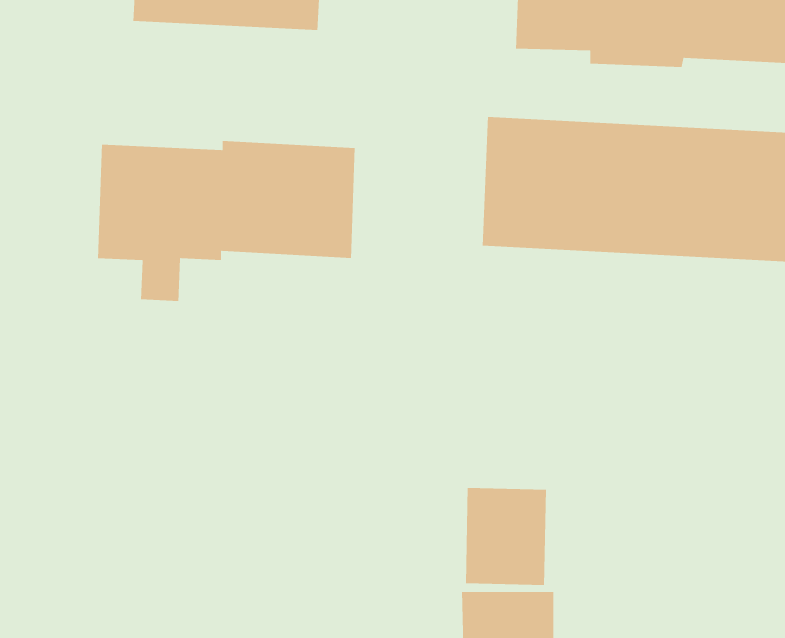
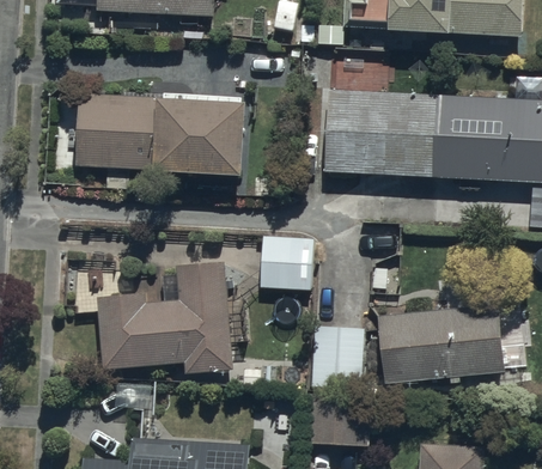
building: none -> [258,234,311,287]
building: none -> [96,254,232,368]
building: none -> [378,300,504,378]

